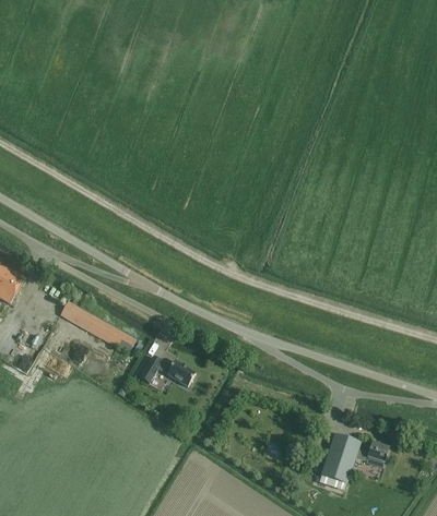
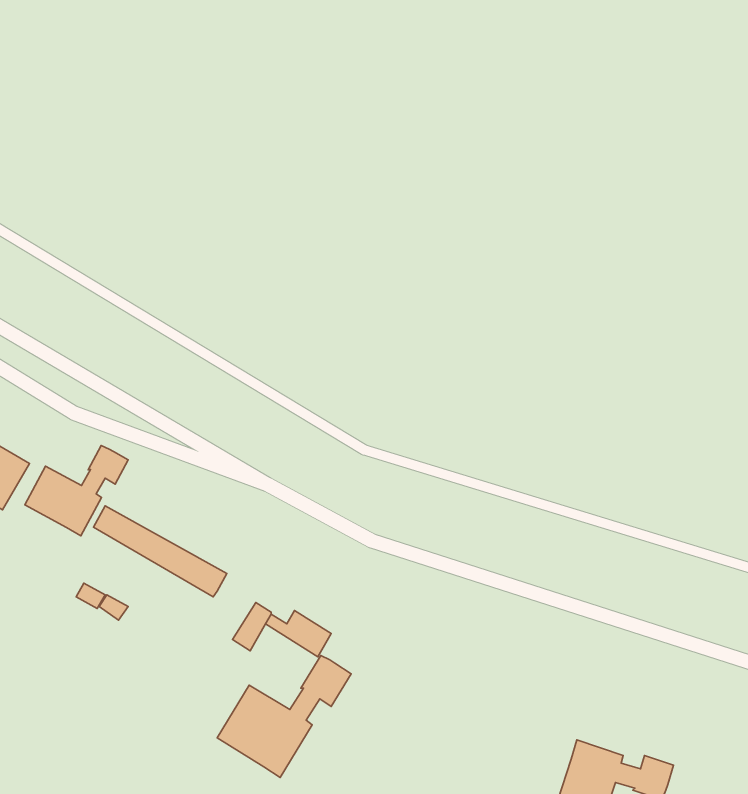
building: none -> [25,446,128,536]
building: none -> [217,655,351,777]

